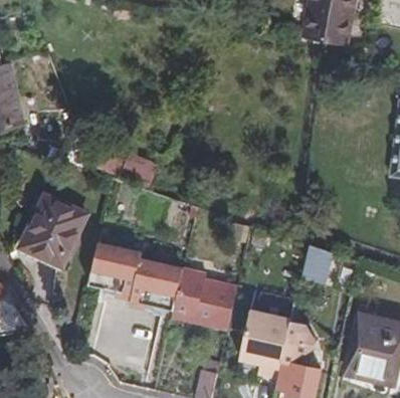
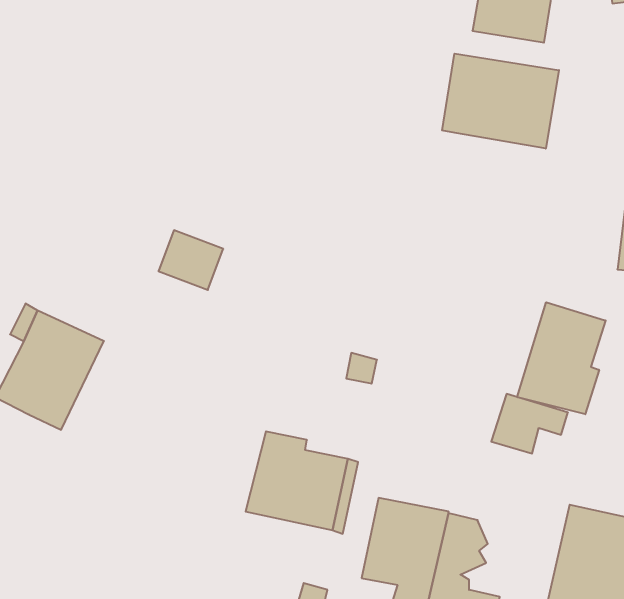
building: none -> [442,54,559,149]
building: none -> [517,302,606,414]
building: [87,244,182,317] -> none

